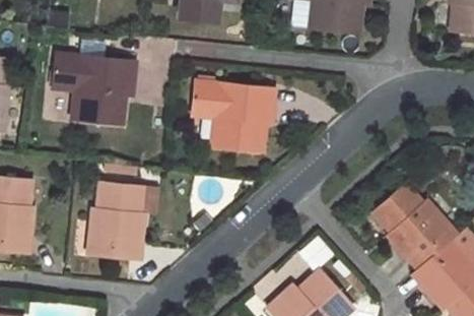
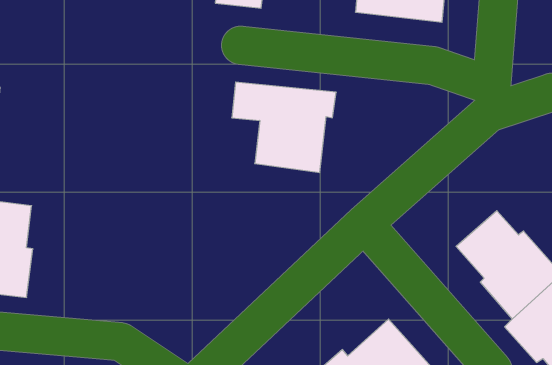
building: [54,40,137,123] -> none
building: [87,182,145,259] -> none

